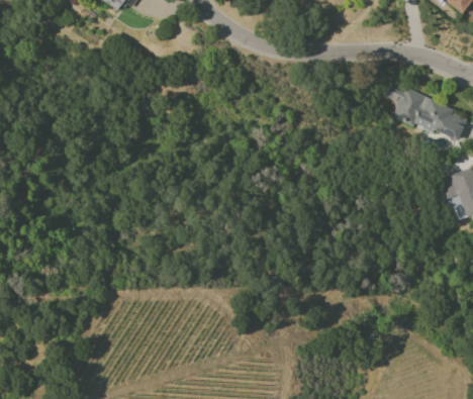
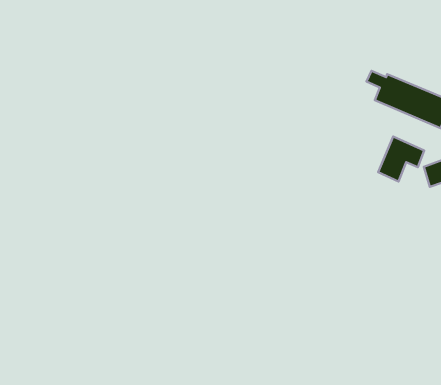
building: none -> [378,137,424,181]

